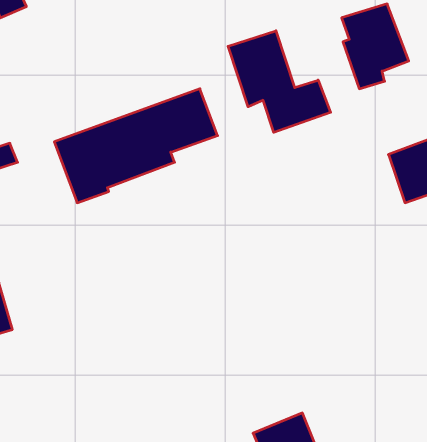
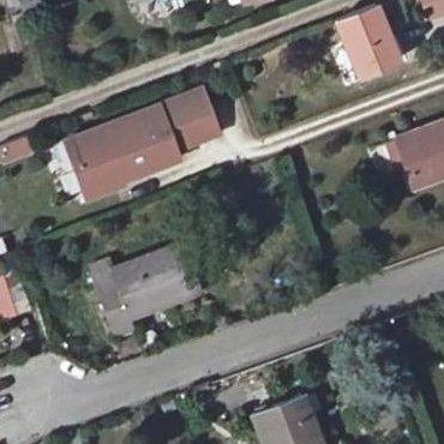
building: [228,31,331,132] -> none
building: none -> [83,246,192,337]

